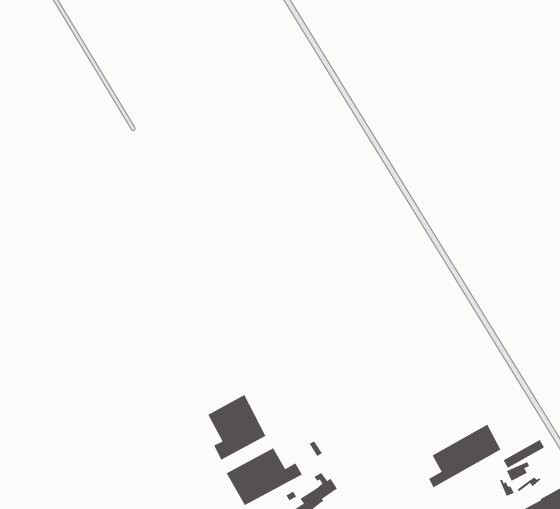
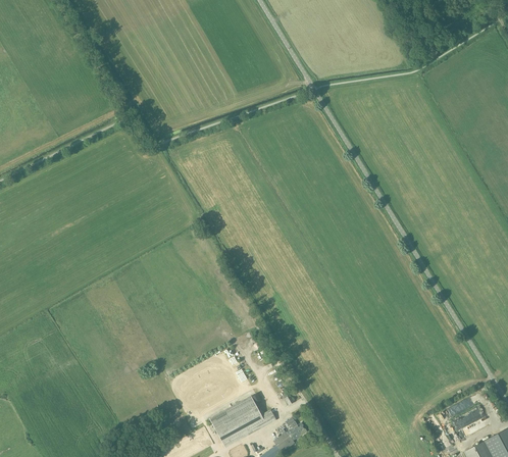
building: [208,394,266,461] -> none
building: [429,424,501,488] -> none

